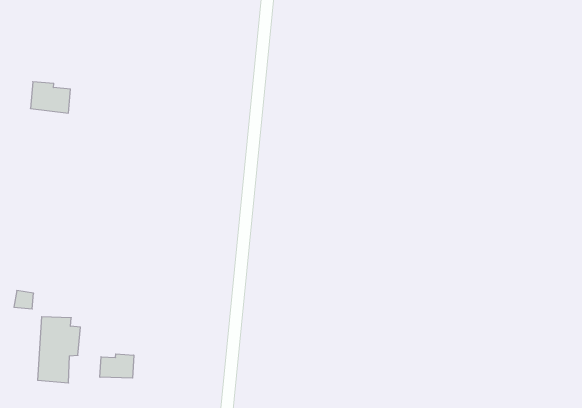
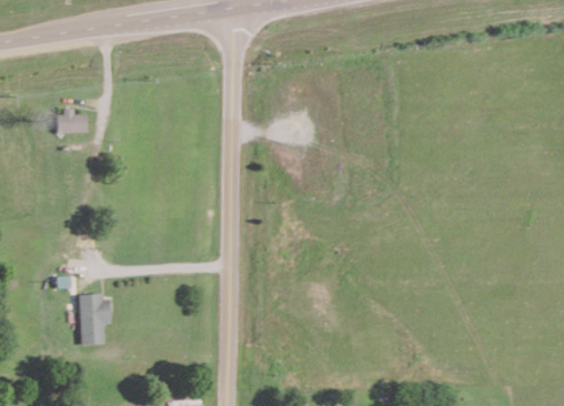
building: [100,354,134,378] -> none

